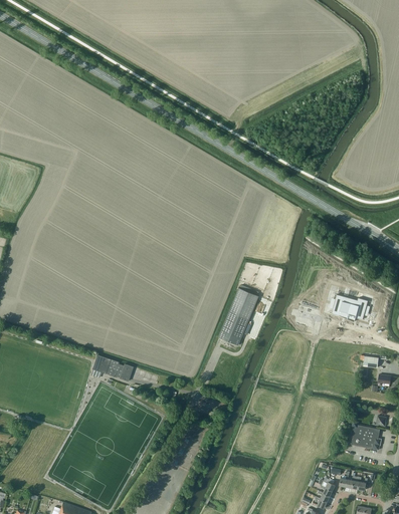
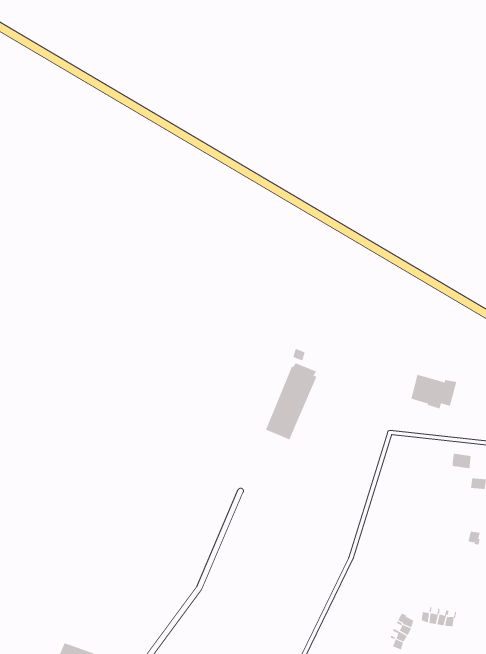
building: [92,354,134,381] -> none
building: [351,421,381,450] -> none

